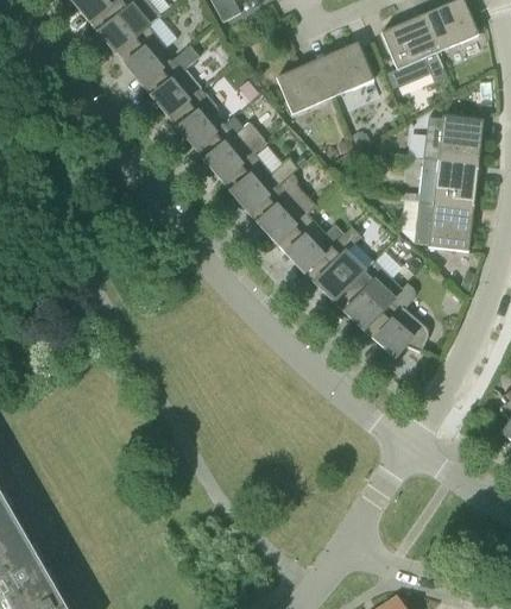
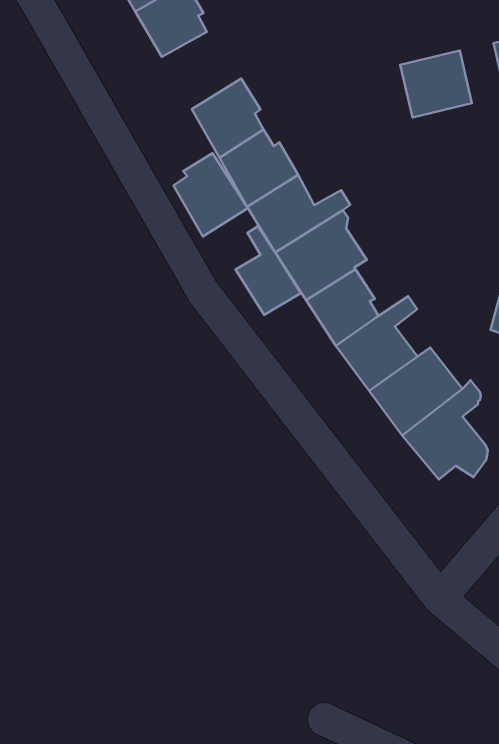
building: [141,59,202,118] -> none
building: [276,59,332,113] -> none
building: none -> [173,153,248,236]
building: none -> [236,226,301,315]

